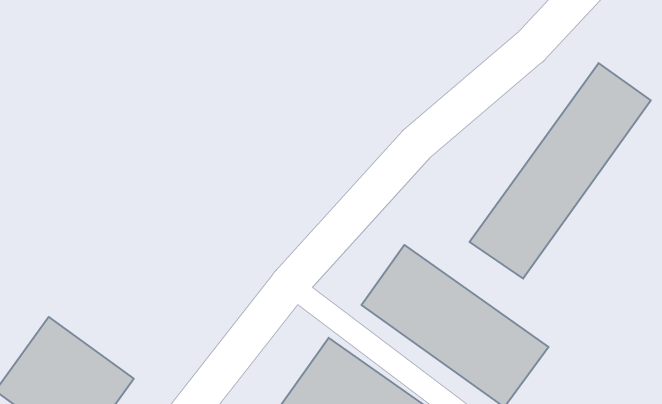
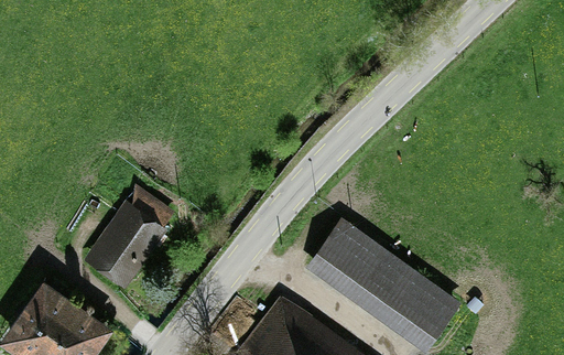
building: [470,63,651,279] -> none
building: none -> [82,184,174,291]

